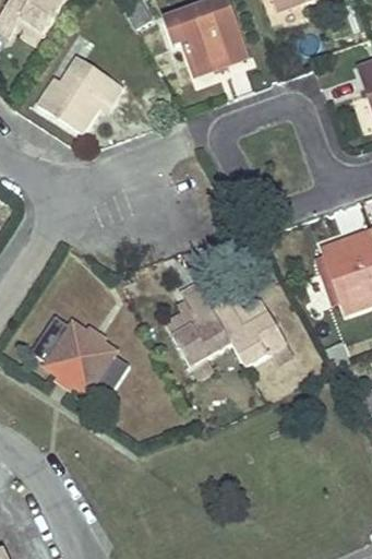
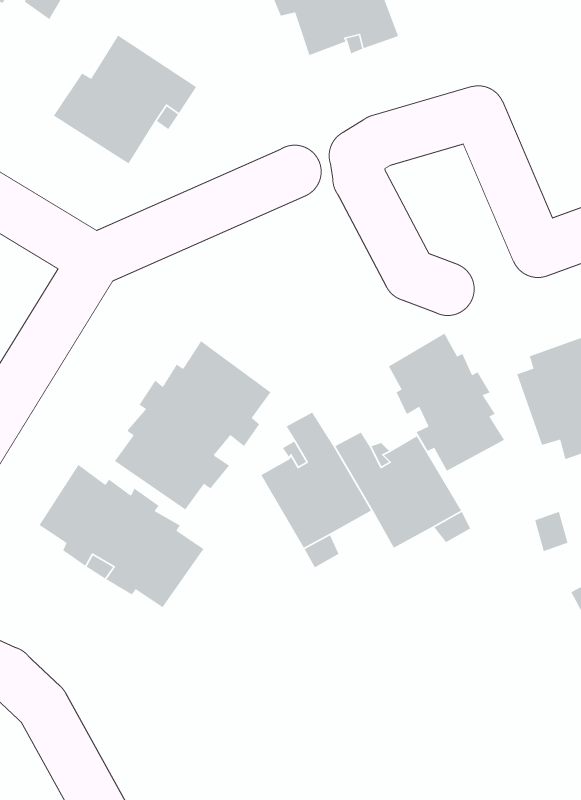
building: none -> [388,333,505,472]
building: none -> [114,340,271,511]

